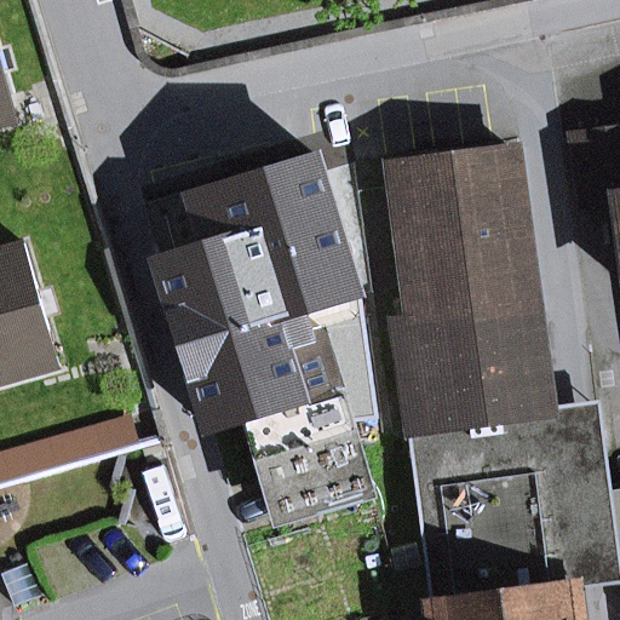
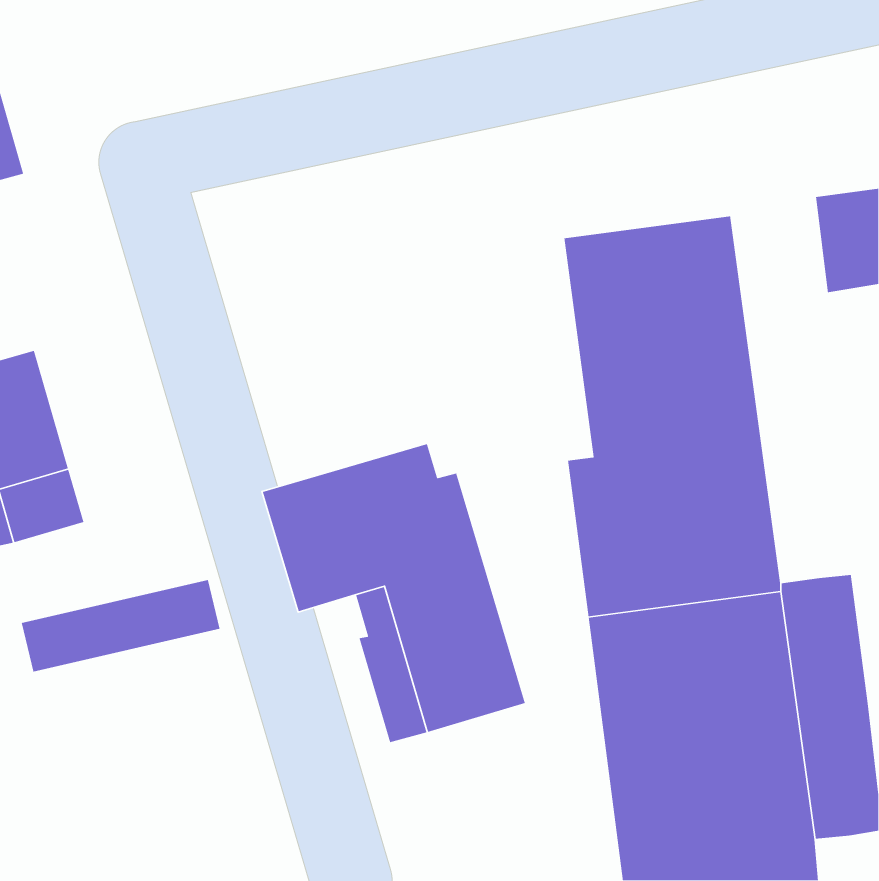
building: [159,182,352,345] -> none

